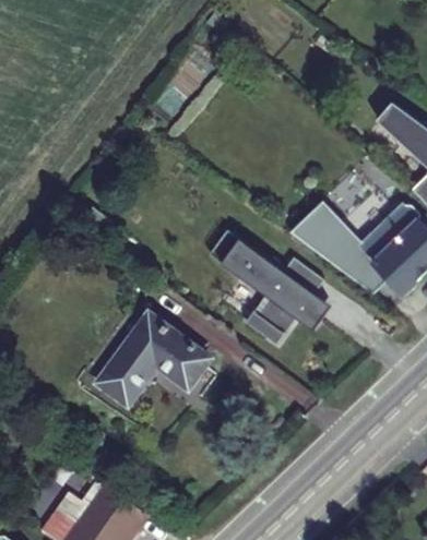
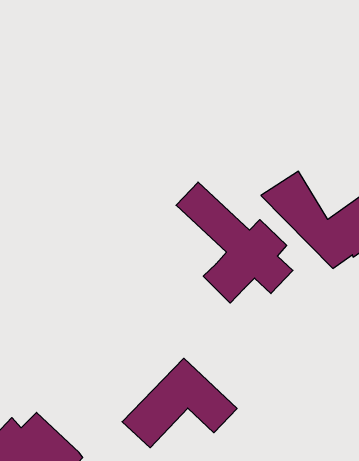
building: [96,314,209,408] -> [122,358,237,448]

